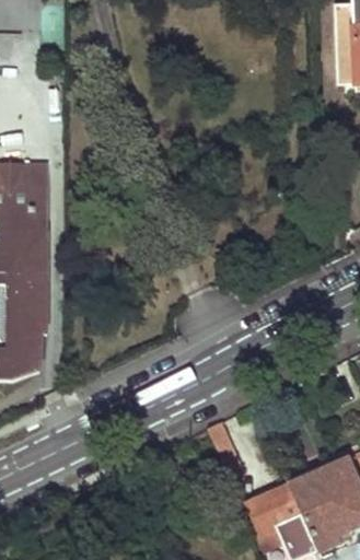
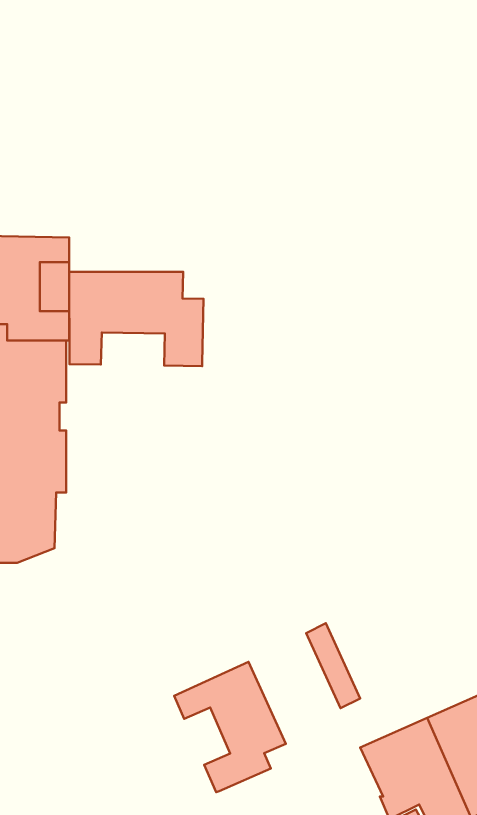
building: none -> [69,272,204,366]
building: none -> [174,662,286,792]

